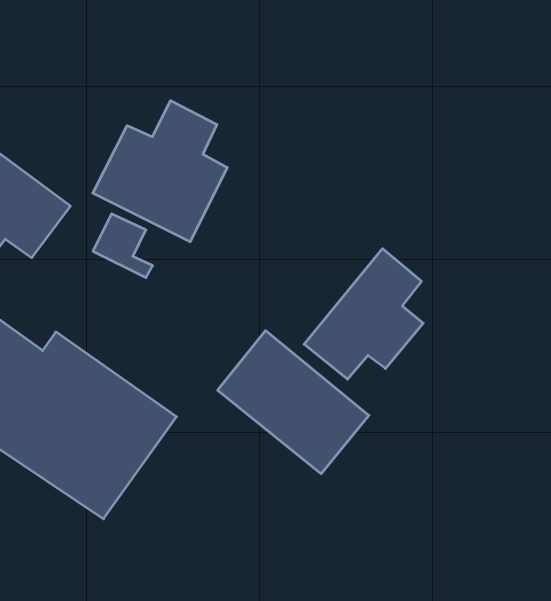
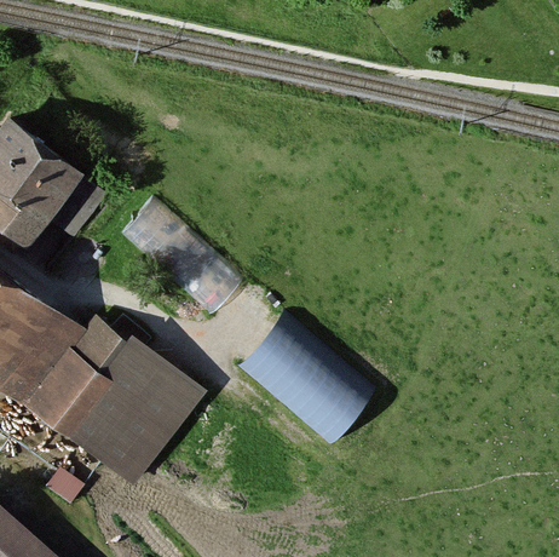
building: [93,101,227,242] -> none
building: [304,249,423,379] -> none

